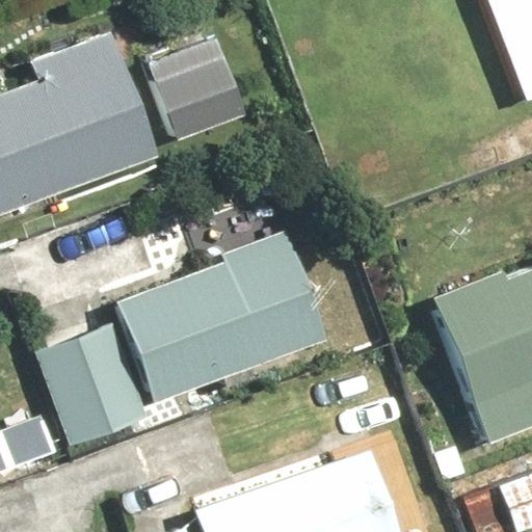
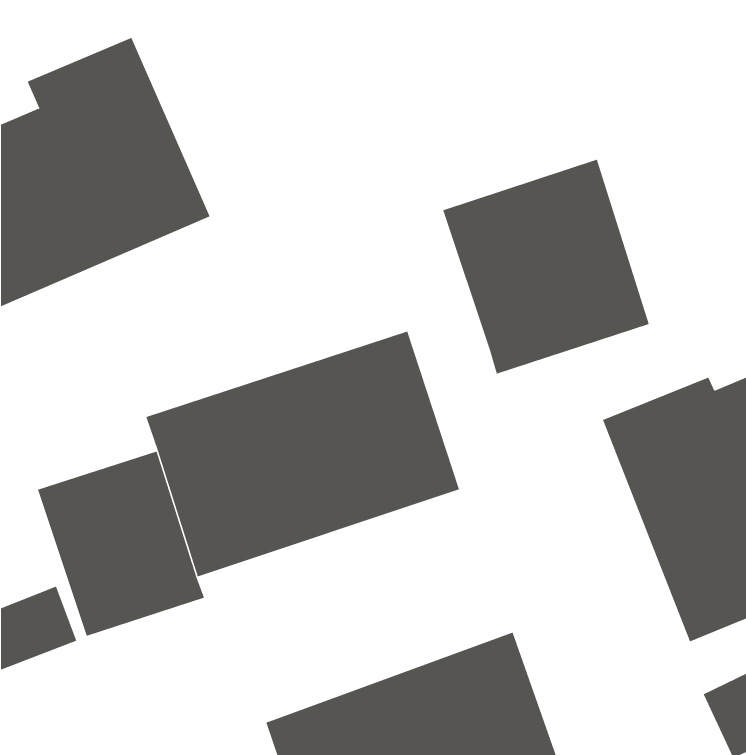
building: [139,29,248,149] -> none
building: none -> [443,159,649,374]

